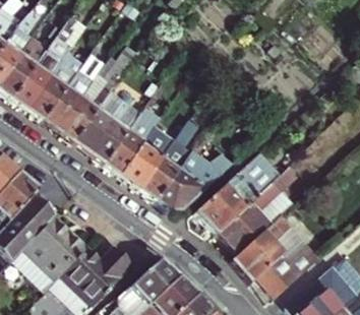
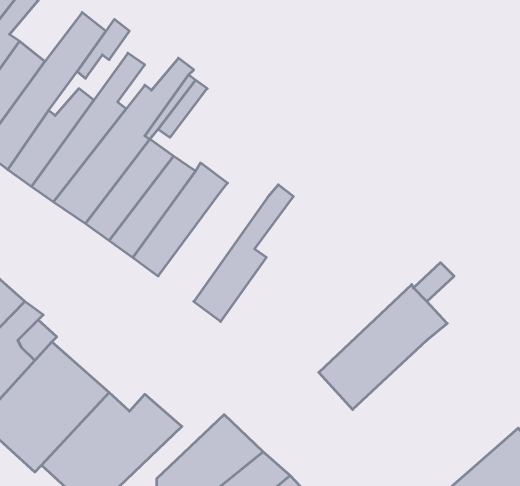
building: [118,119,184,190] -> none
building: [156,141,239,212] -> none
building: [194,151,278,233] -> none
building: [230,213,318,296] -> none

